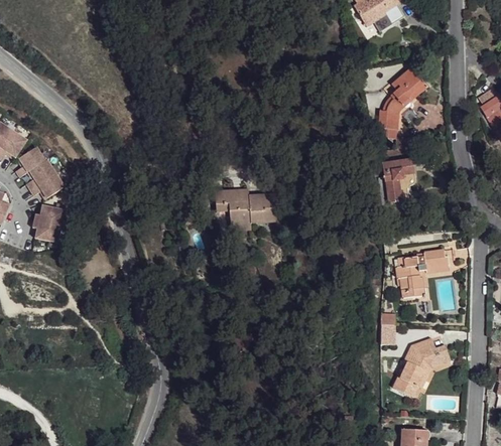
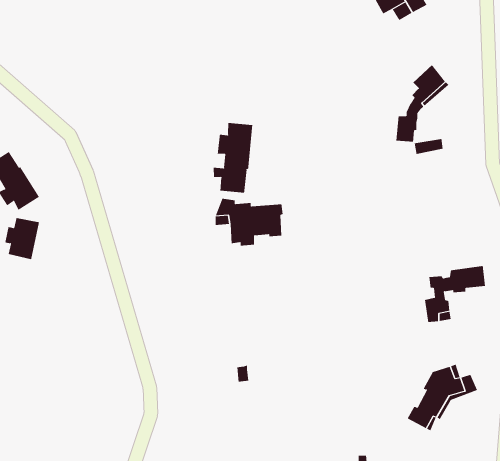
building: none -> [213,122,253,194]
building: [383,161,412,207] -> none
building: [380,311,395,342] -> none

